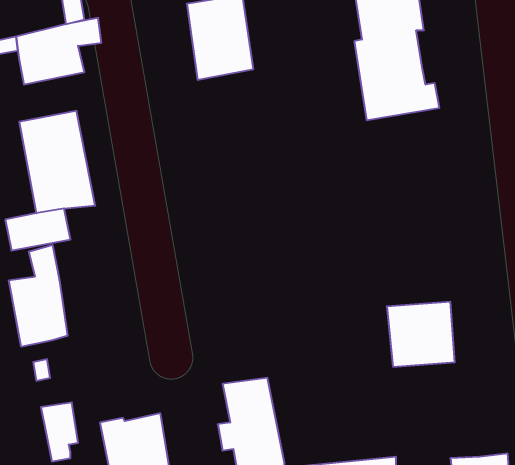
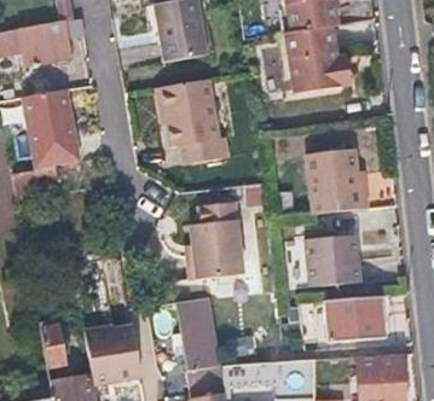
building: none -> [157,81,222,164]
building: none -> [308,150,369,215]
building: [9,245,67,347] -> none
building: none -> [185,203,239,280]
building: none -> [325,295,386,342]

